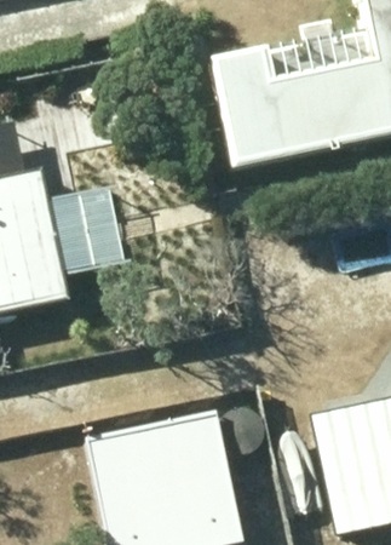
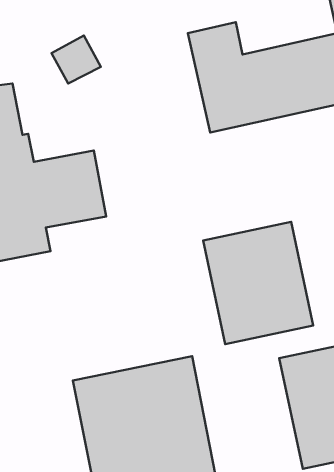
building: none -> [203,222,313,344]

